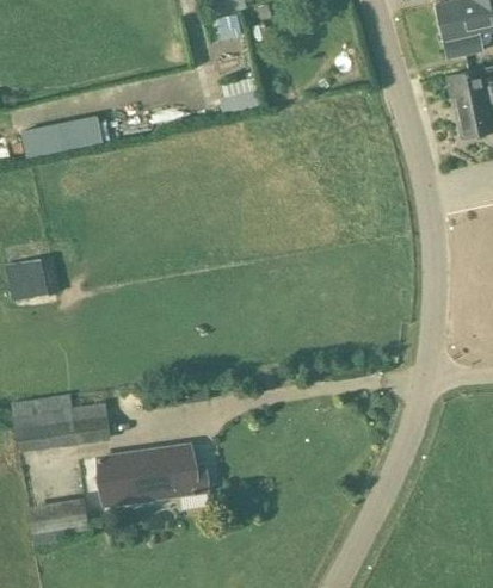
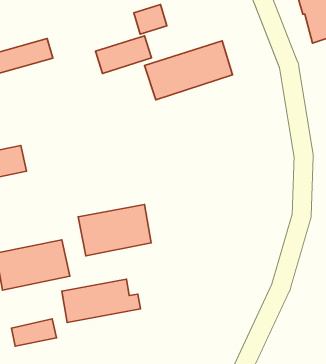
building: none -> [95,36,151,73]
building: none -> [144,41,232,100]
building: none -> [78,205,151,256]

